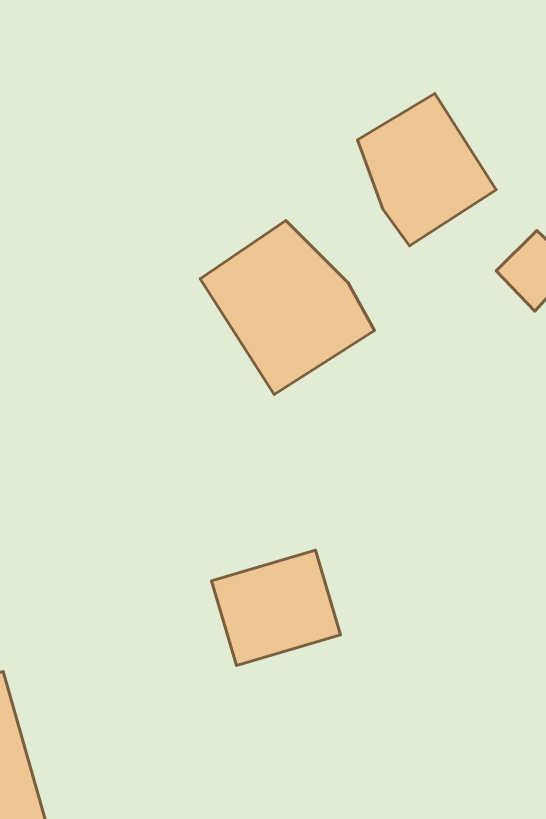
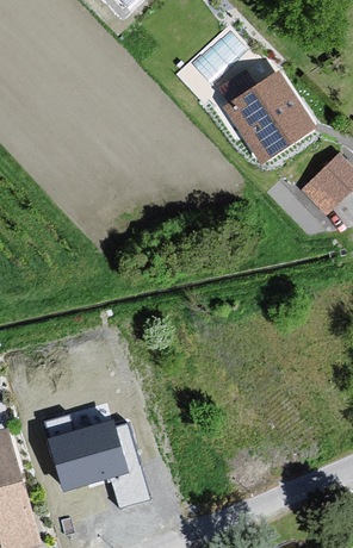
building: [200,220,374,394] -> none
building: [211,550,340,666] -> [54,419,134,491]

